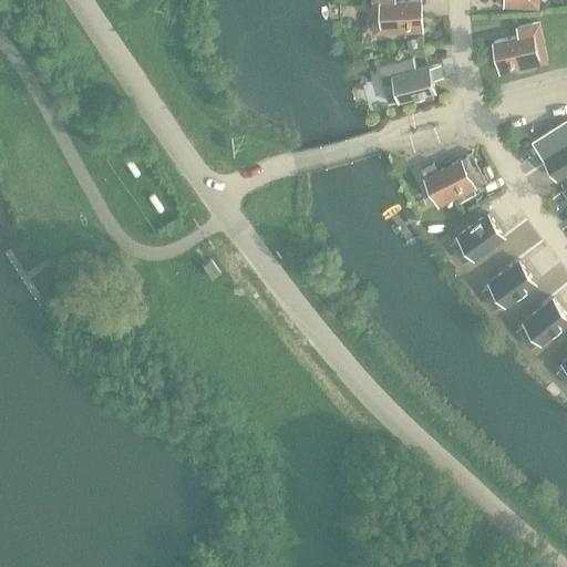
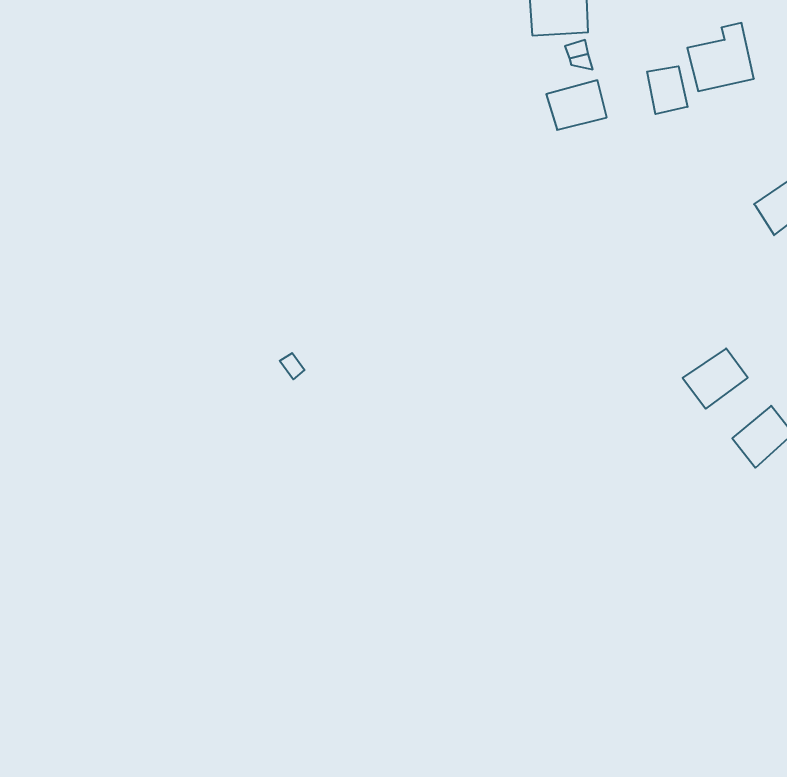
building: none -> [647,66,688,114]
building: [420,156,485,208] -> none
building: [457,216,503,259] -> none

